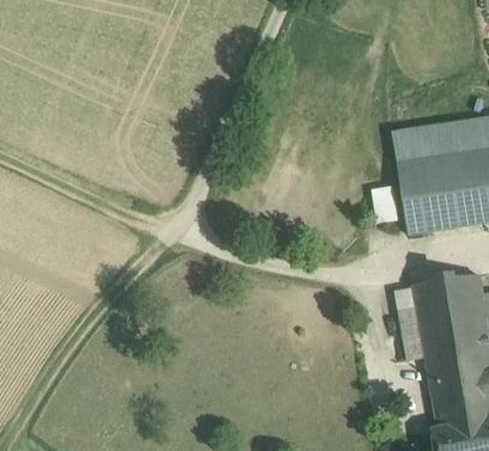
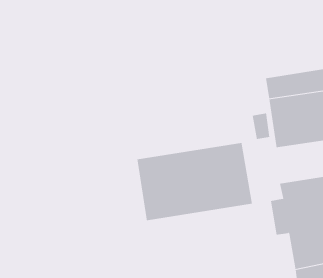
building: none -> [137,142,253,221]

